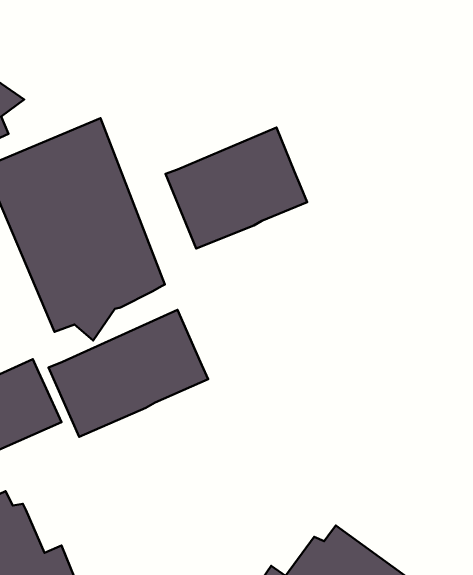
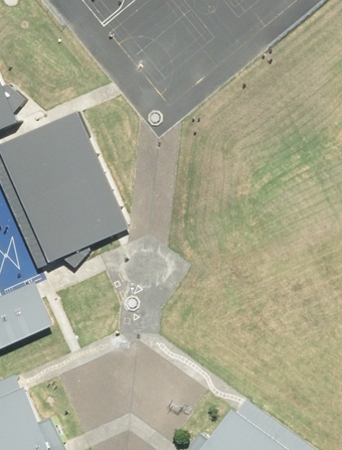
building: [165,127,307,249] -> none
building: [49,310,208,437] -> none

